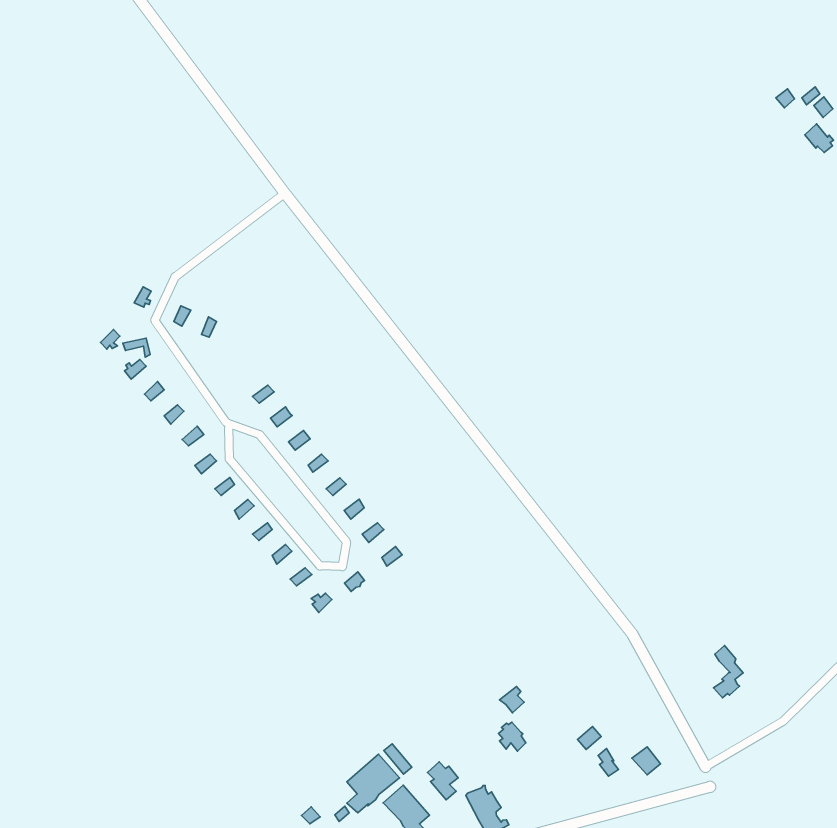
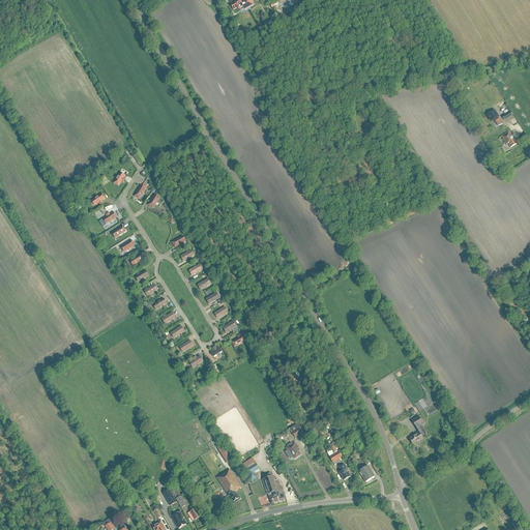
building: [347,754,399,813] -> none

